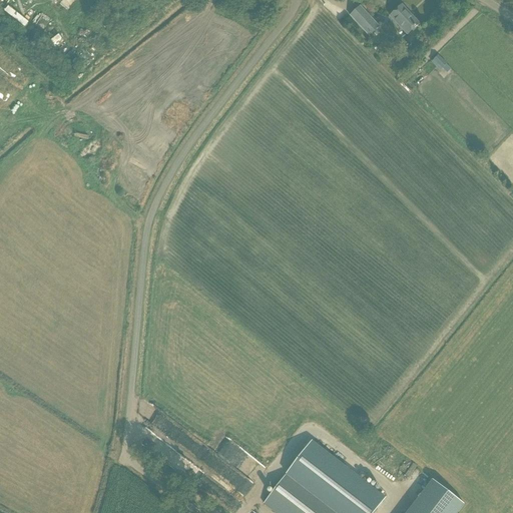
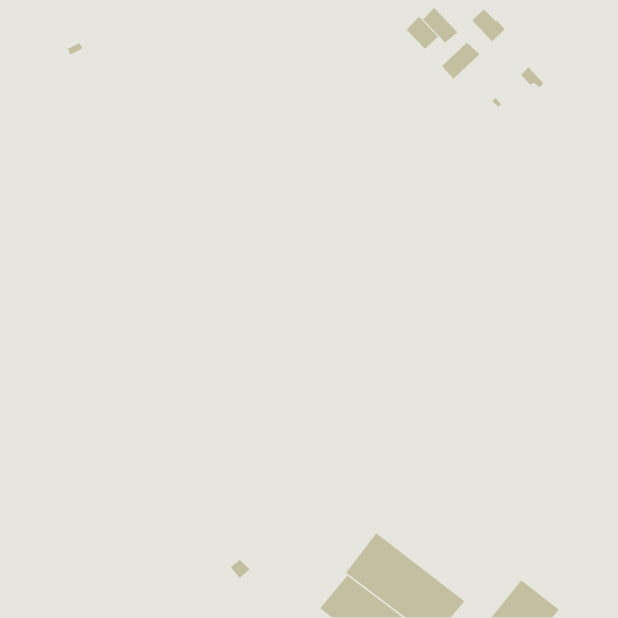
building: none -> [406,16,439,50]
building: none -> [441,42,480,80]

